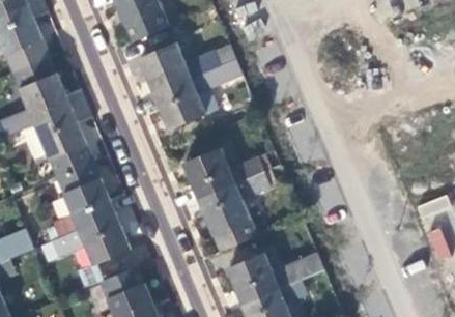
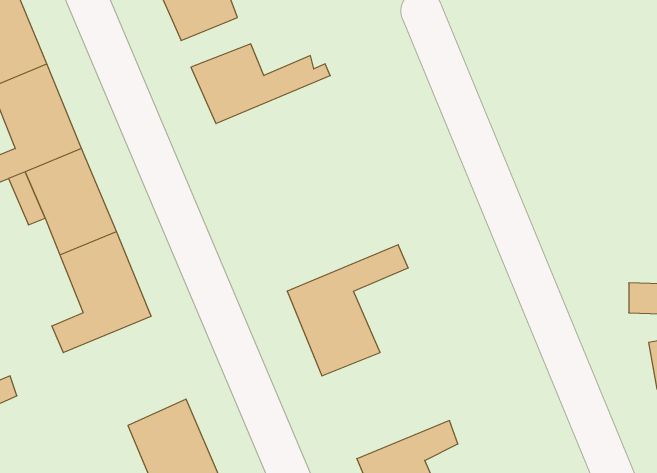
building: [153,60,240,129] -> none
building: [183,148,267,198] -> none
building: [51,213,129,263] -> none
building: [227,253,321,302] -> none

